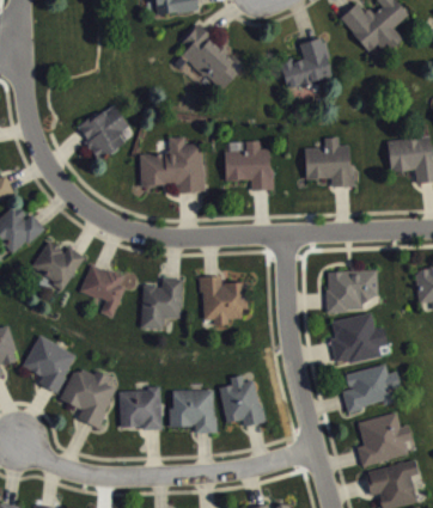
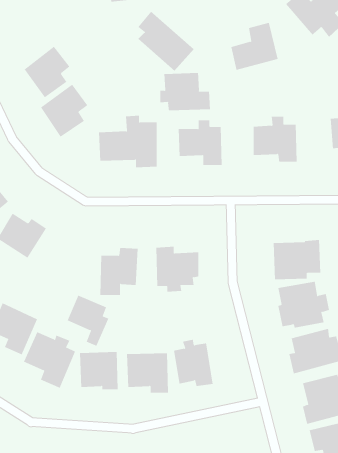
building: none -> [24,46,70,98]
building: none -> [160,72,210,111]
building: [80,263,126,318] -> [67,295,109,346]

